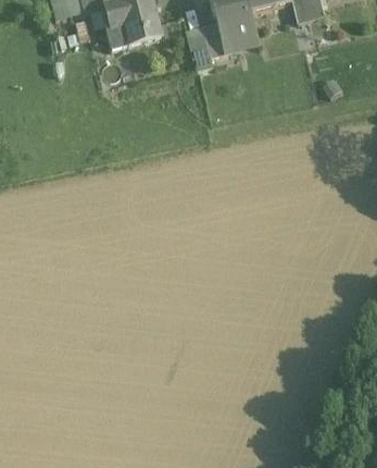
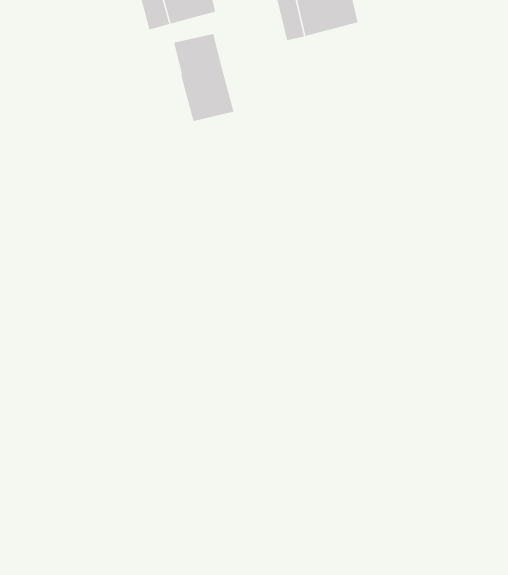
building: none -> [173,33,234,122]

